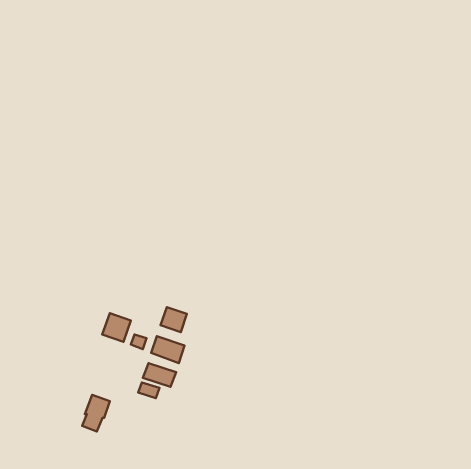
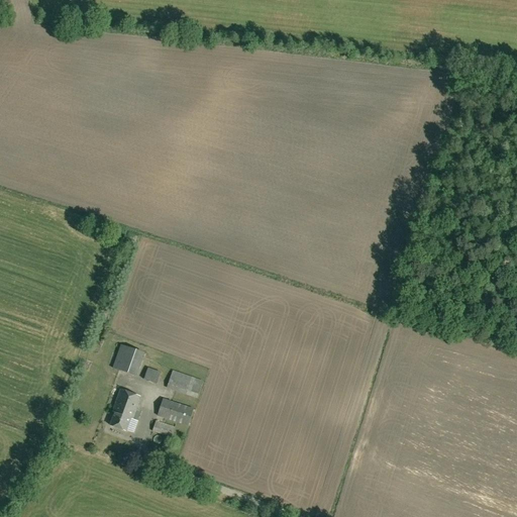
building: [161,307,187,332] -> none
building: [82,395,110,432] -> [109,389,139,429]

